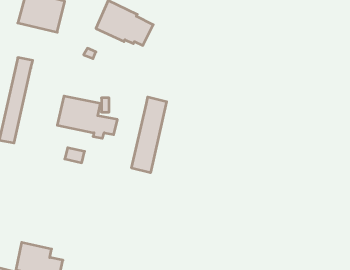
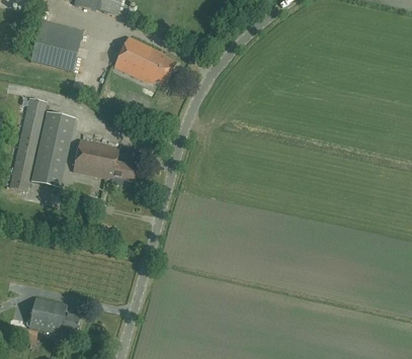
building: none -> [30,111,75,187]
building: [132,97,167,173] -> none

